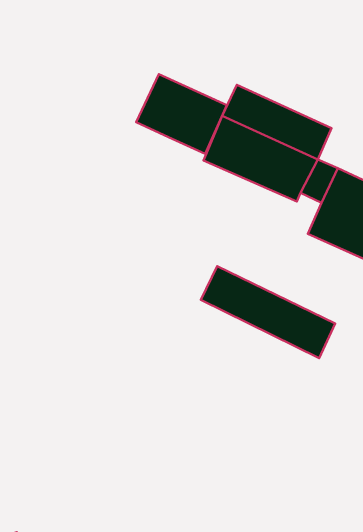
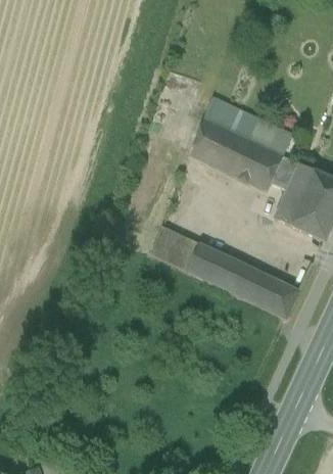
building: [136,74,227,154] -> none
building: none -> [151,225,200,271]

